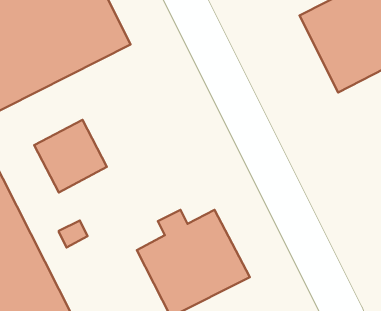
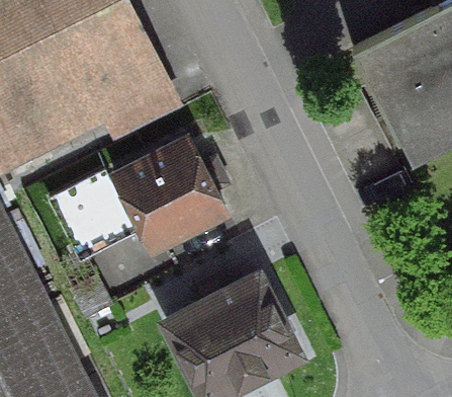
building: none -> [113,139,228,249]

